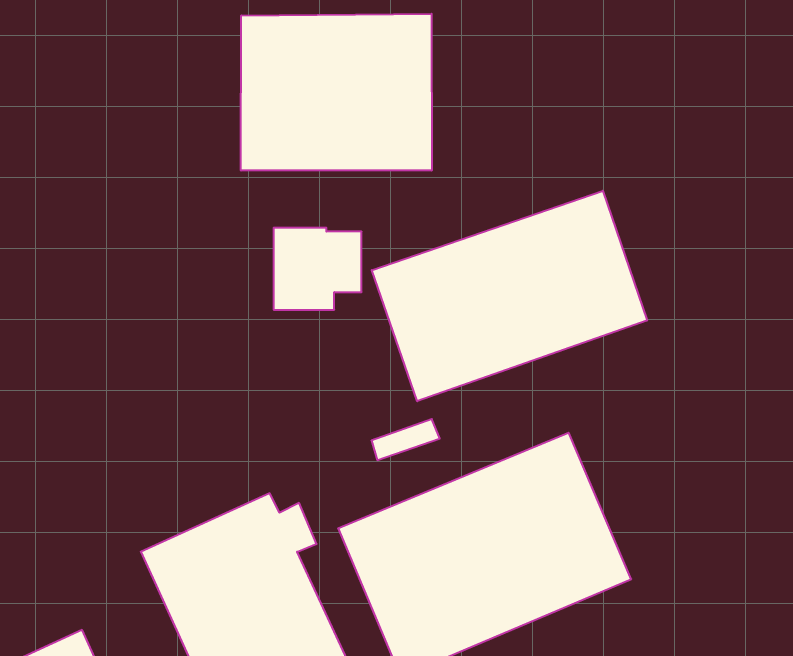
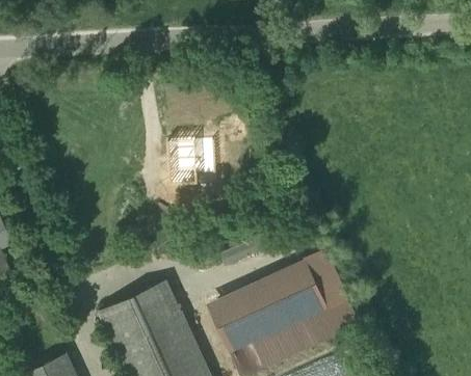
building: [241,14,432,171] -> none
building: [372,191,647,401] -> none

